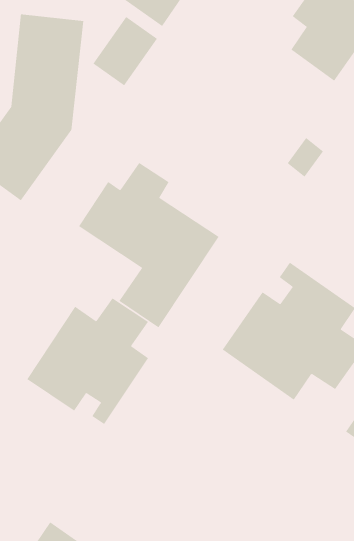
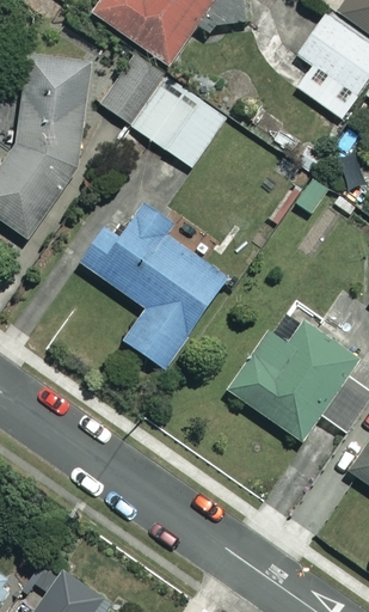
building: none -> [130,76,226,167]
building: [27,297,149,425] -> none

